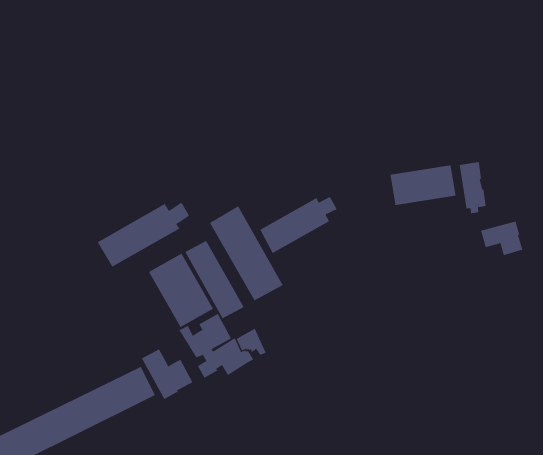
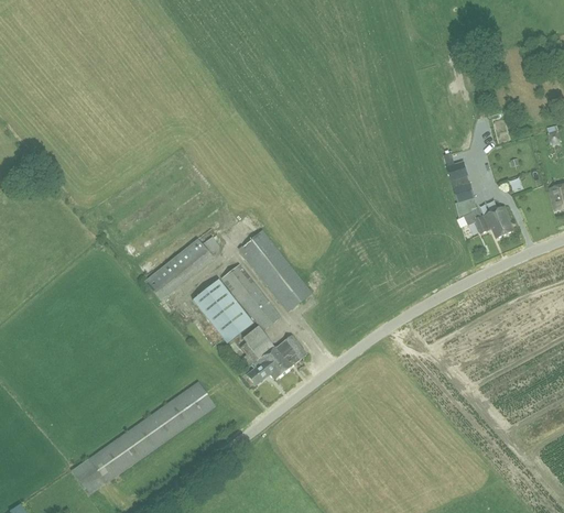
building: [390,164,456,206] -> none
building: [260,196,338,254] -> none
building: [141,348,193,400] -> none

